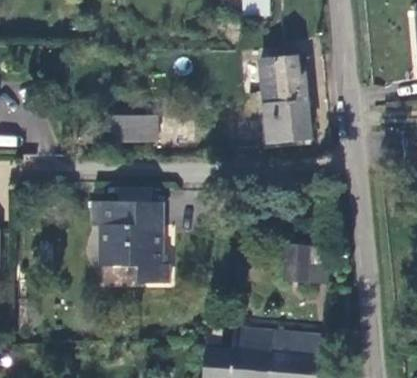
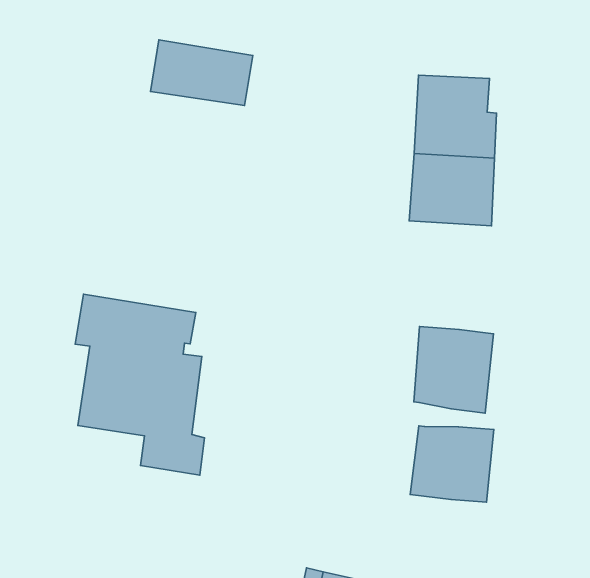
building: [107,113,159,142] -> [150,40,253,105]
building: none -> [414,327,493,413]

